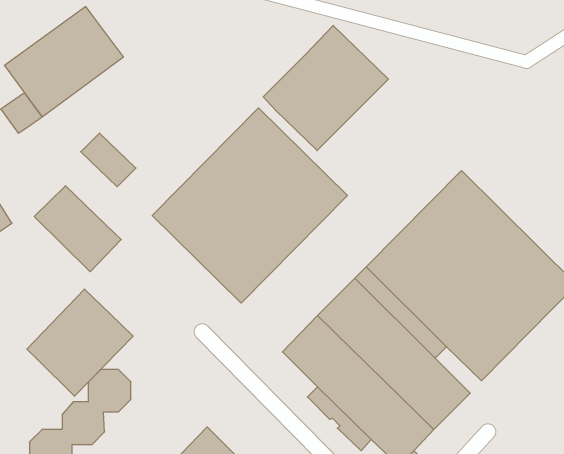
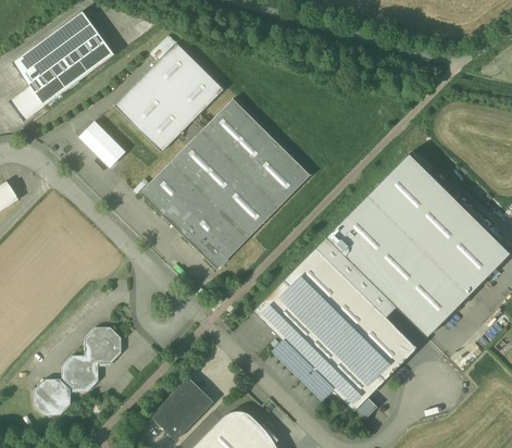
building: [263,25,388,151] -> [115,43,224,152]
building: [34,186,121,272] -> none
building: [27,289,133,396] -> none

